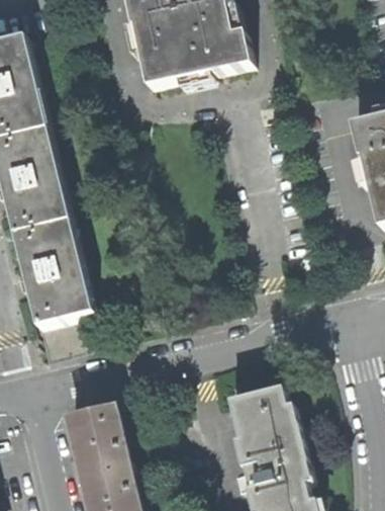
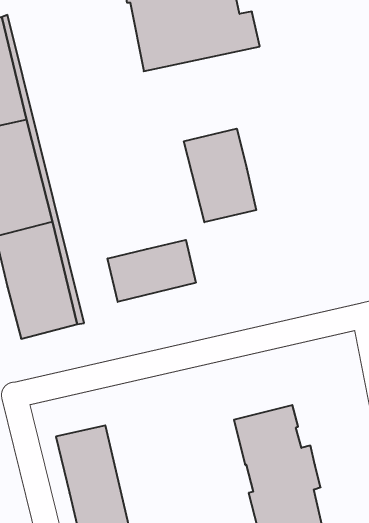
building: none -> [184,129,256,222]
building: none -> [108,240,196,302]

